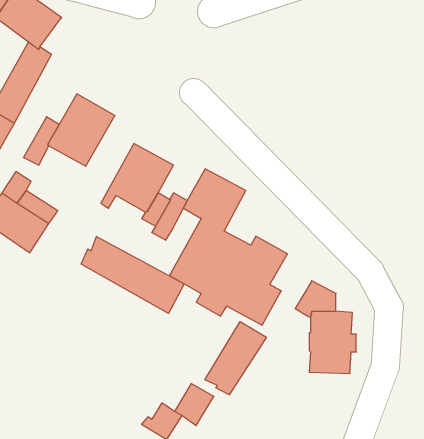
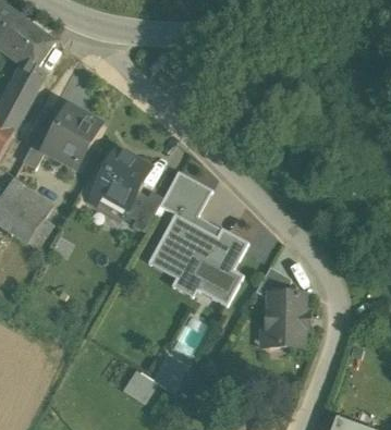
building: [81,236,184,313] -> none
building: [205,322,266,395] -> none

